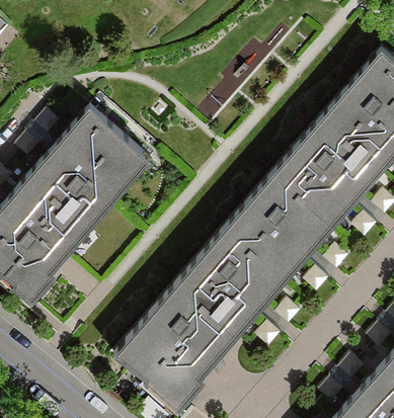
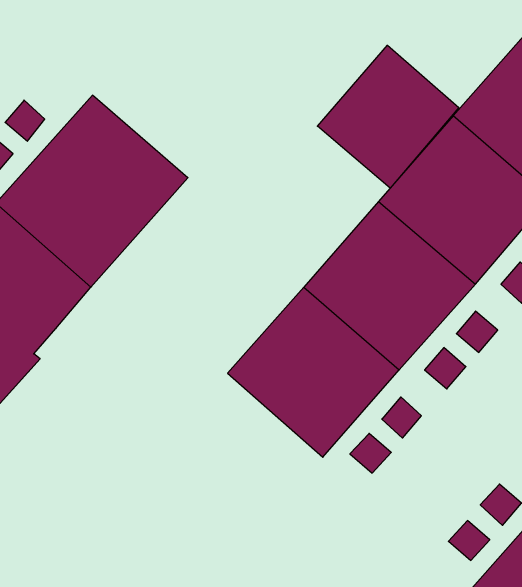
building: none -> [317,45,459,188]
building: [114,280,238,409] -> none

